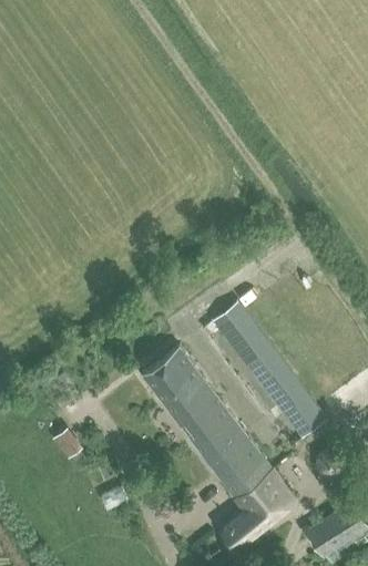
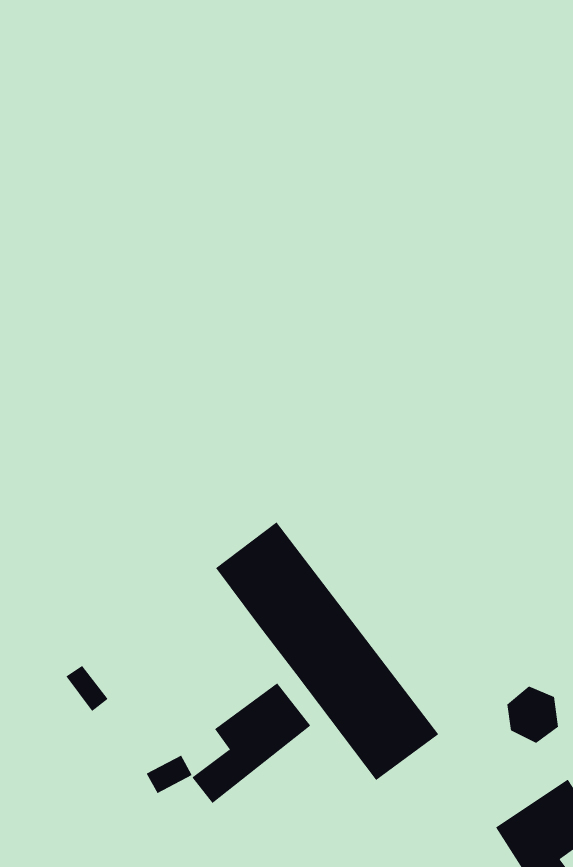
building: [214,303,325,438] -> none
building: [224,474,295,546] -> [192,682,311,804]

